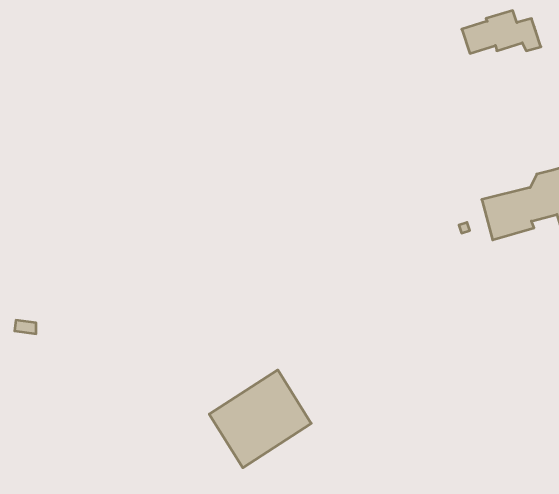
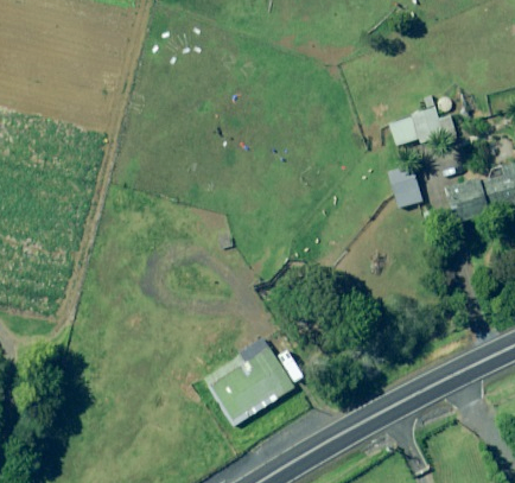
building: [462,11,541,53] -> [390,107,460,145]
building: none -> [388,164,422,206]

